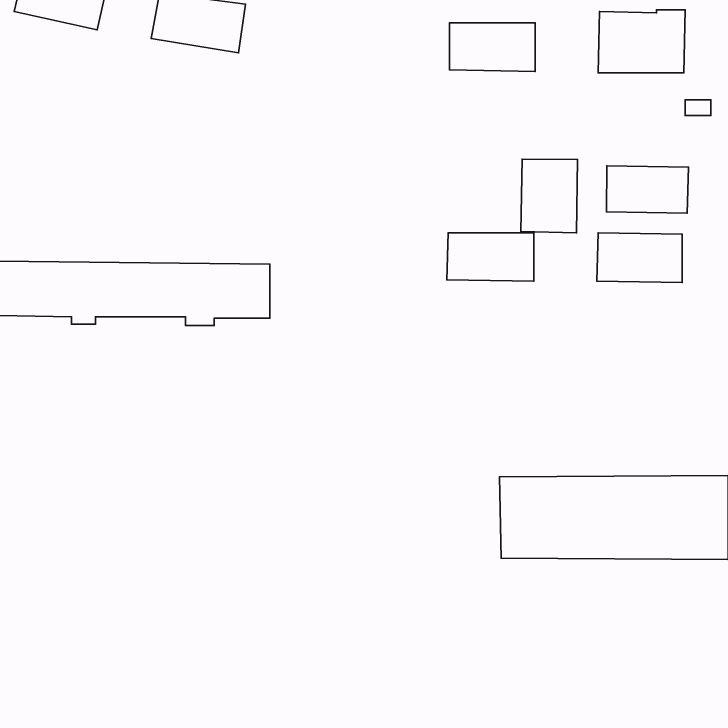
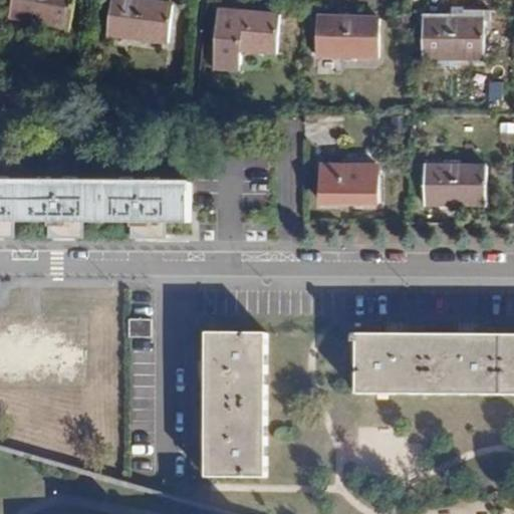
building: none -> [214,6,278,62]
building: [521,159,578,233] -> none
building: [607,166,689,213] -> none
building: none -> [203,318,264,465]

